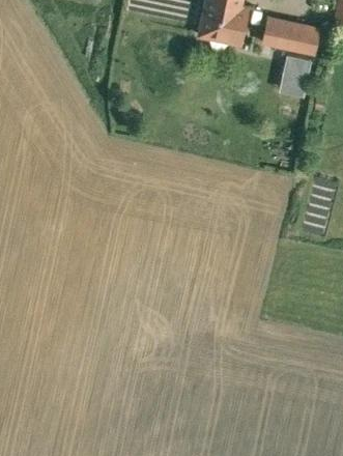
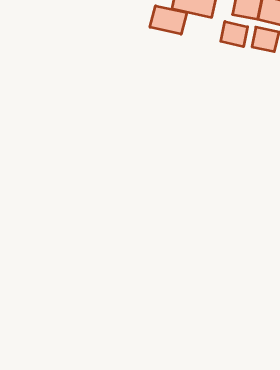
building: none -> [150,6,187,34]
building: none -> [221,21,248,47]

